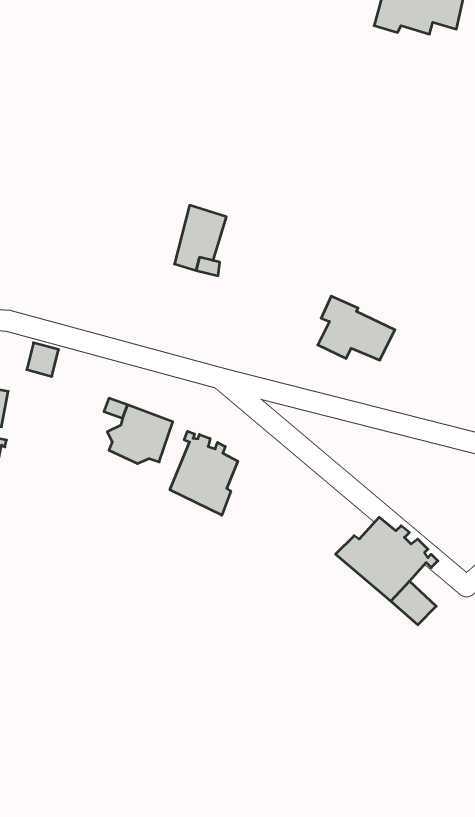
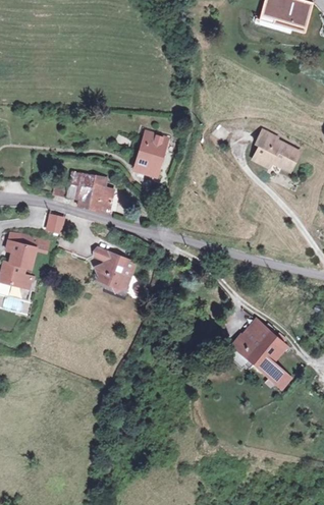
building: none -> [58,172,113,213]
building: [318,296,395,360] -> [252,133,299,172]
building: [170,431,238,515] -> none

